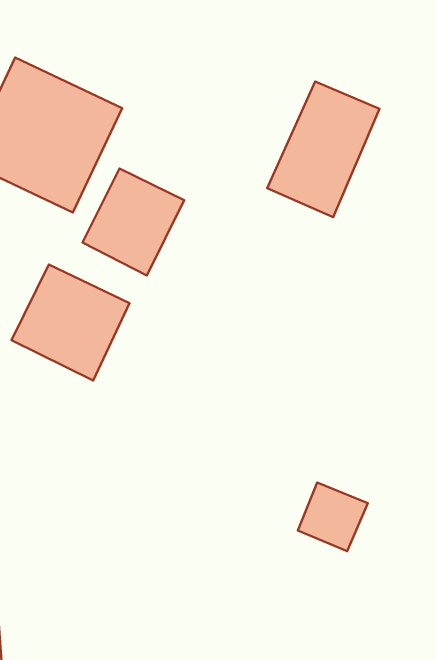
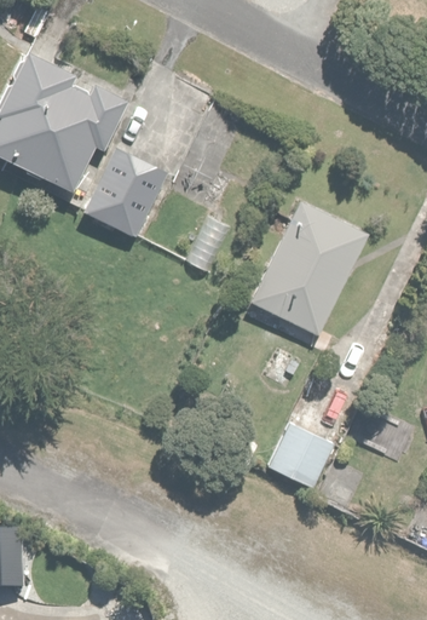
building: [267,81,380,217] -> [261,211,360,331]
building: [11,264,130,380] -> none

